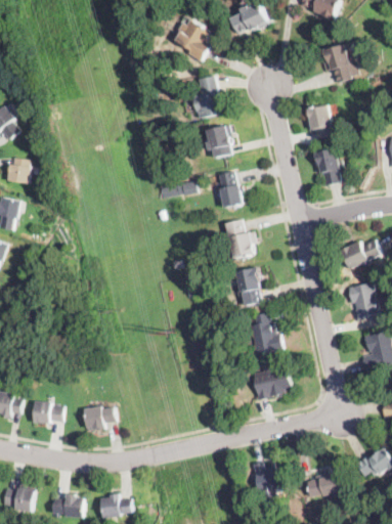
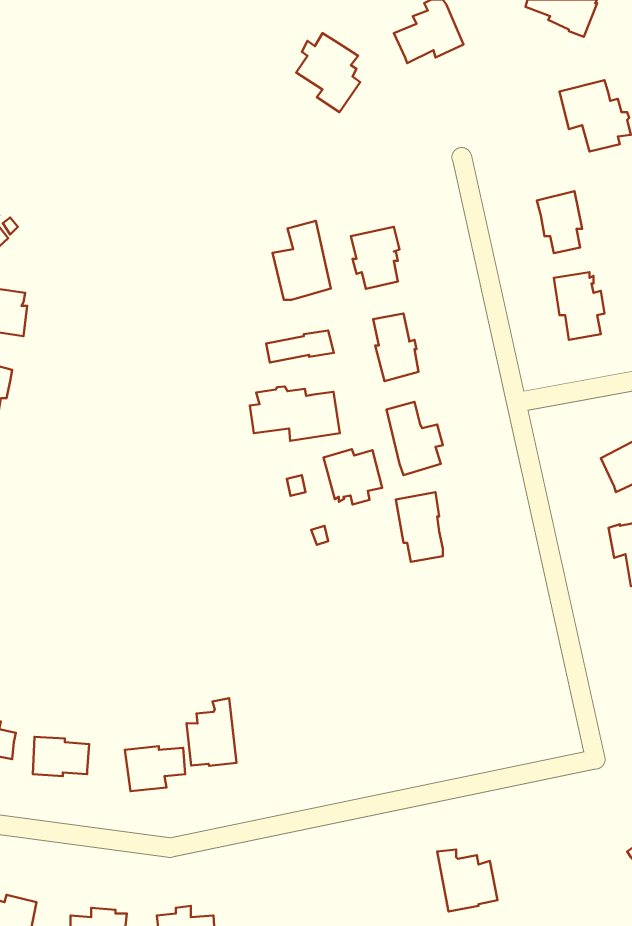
building: [190,76,222,119] -> [273,221,331,300]
building: none -> [250,387,340,441]
building: none -> [323,449,382,504]
building: [250,312,282,354] -> none
building: [252,362,293,400] -> none
building: none -> [187,698,236,766]
building: [307,471,343,497] -> none

